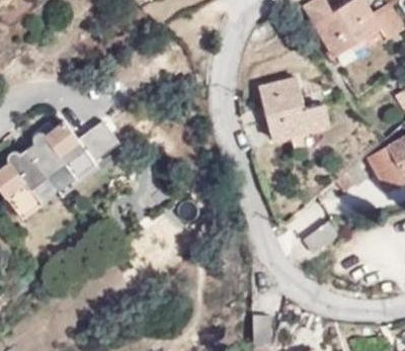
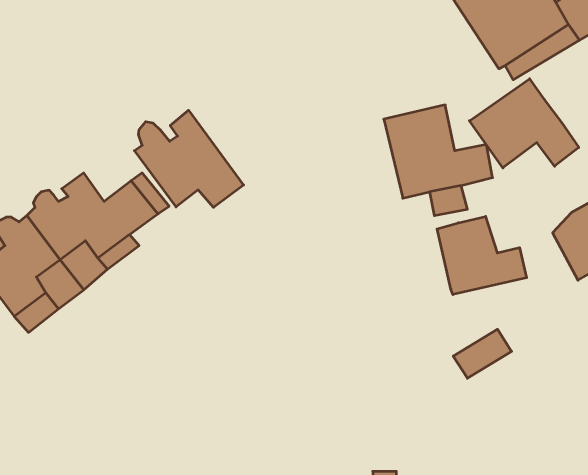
building: none -> [469,79,579,168]
building: none -> [134,110,244,207]
building: none -> [437,216,527,295]

